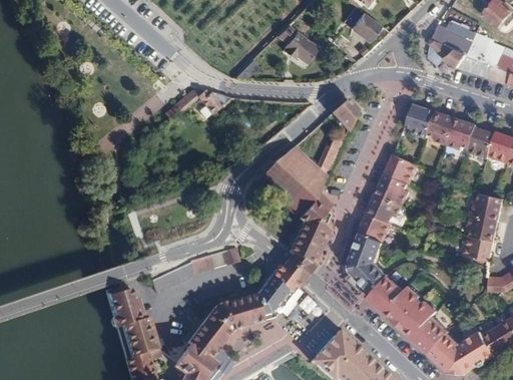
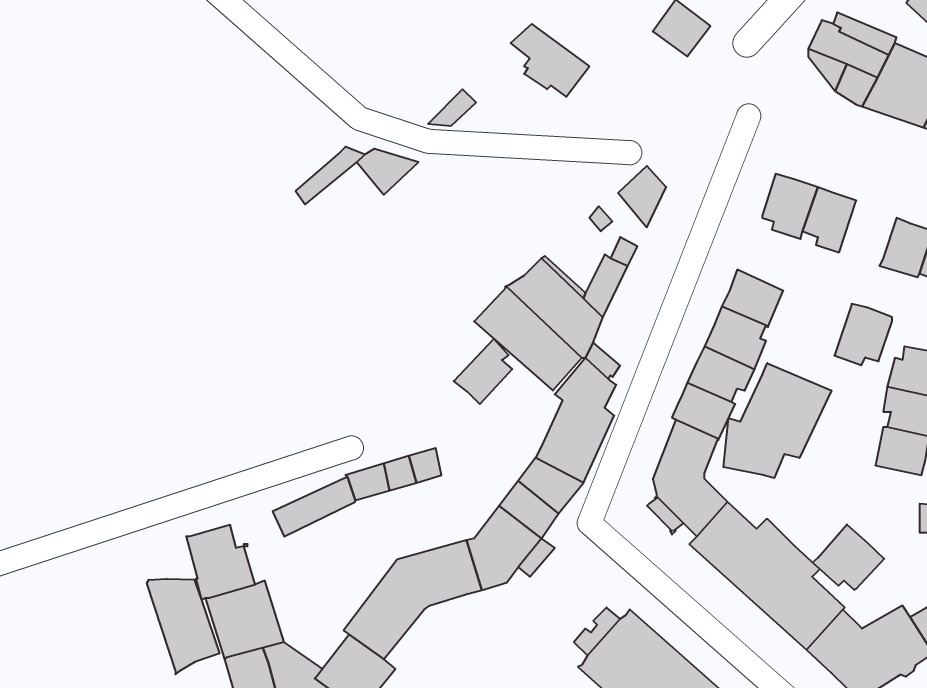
building: [447,117,477,149] -> [834,304,892,365]
building: none -> [454,339,512,404]
building: none -> [724,363,831,478]
building: none -> [813,524,884,590]
building: none -> [147,579,219,674]

